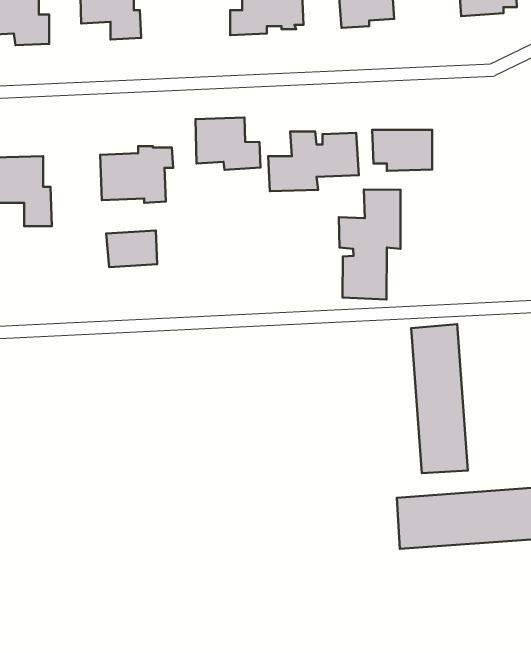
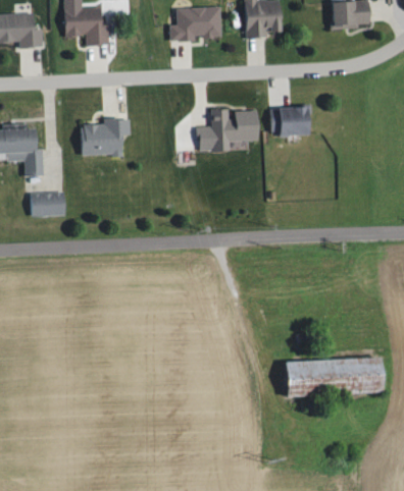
building: [196,117,260,170] -> none
building: [339,190,401,299] -> none
building: [106,231,157,267] -> [30,193,65,218]
building: [411,324,468,473] -> none

